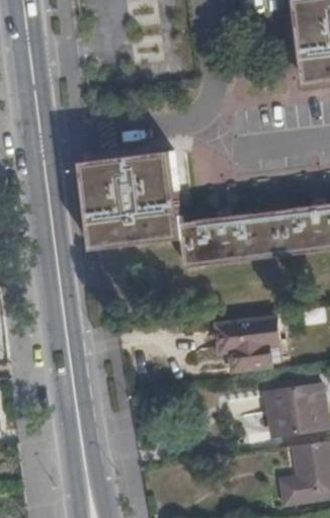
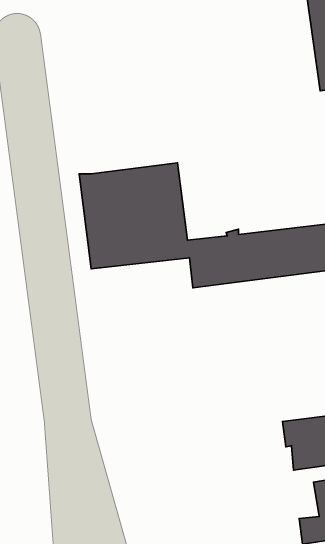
building: [219,318,277,367] -> none

